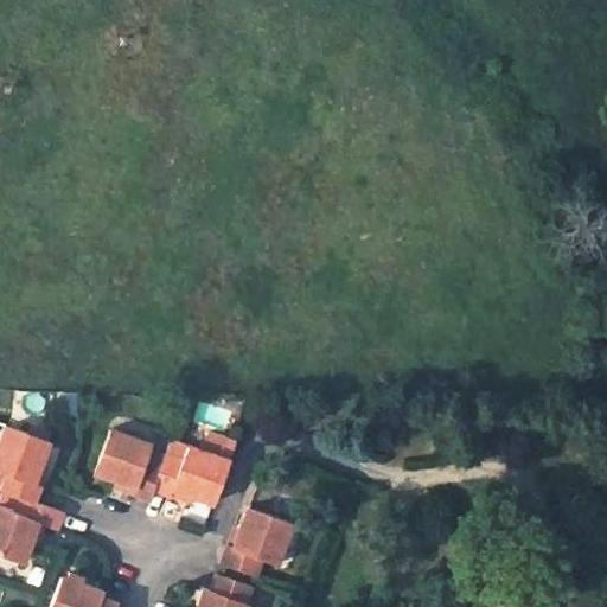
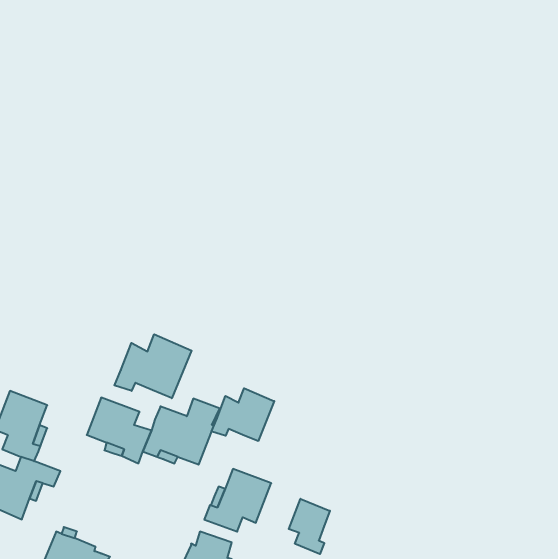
building: none -> [114,334,192,398]
building: none -> [212,388,274,441]
building: none -> [289,499,330,554]

